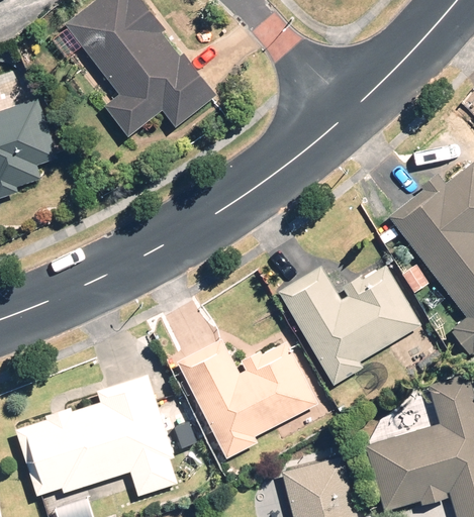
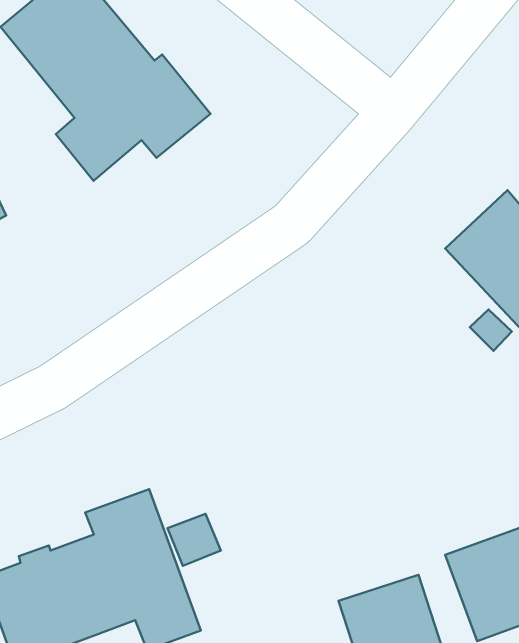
building: [279,267,423,388] -> none
building: [175,339,317,462] -> none

